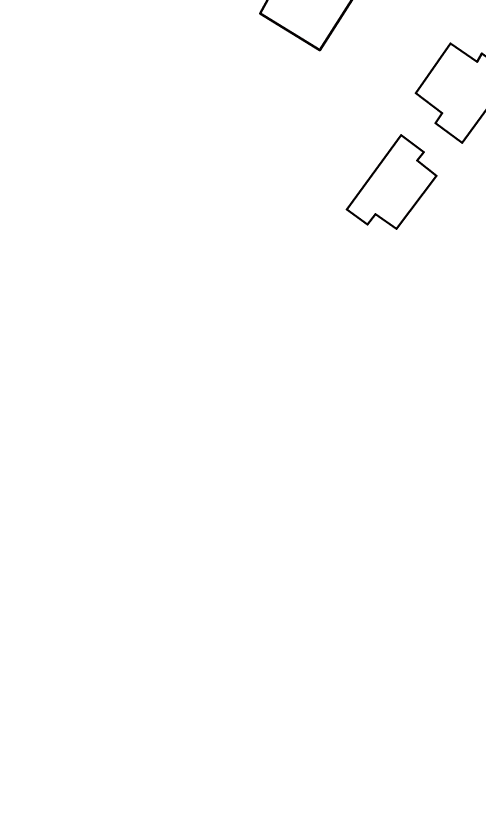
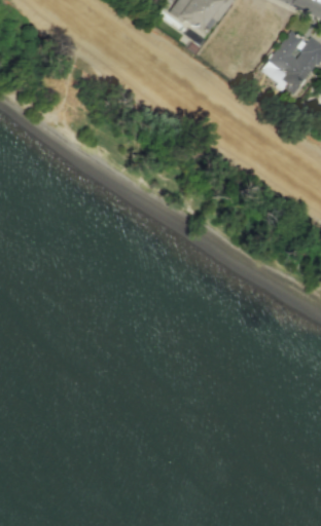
building: [347,135,436,229] -> none

